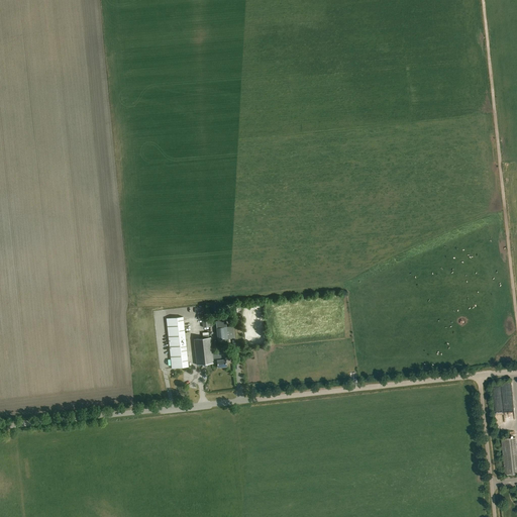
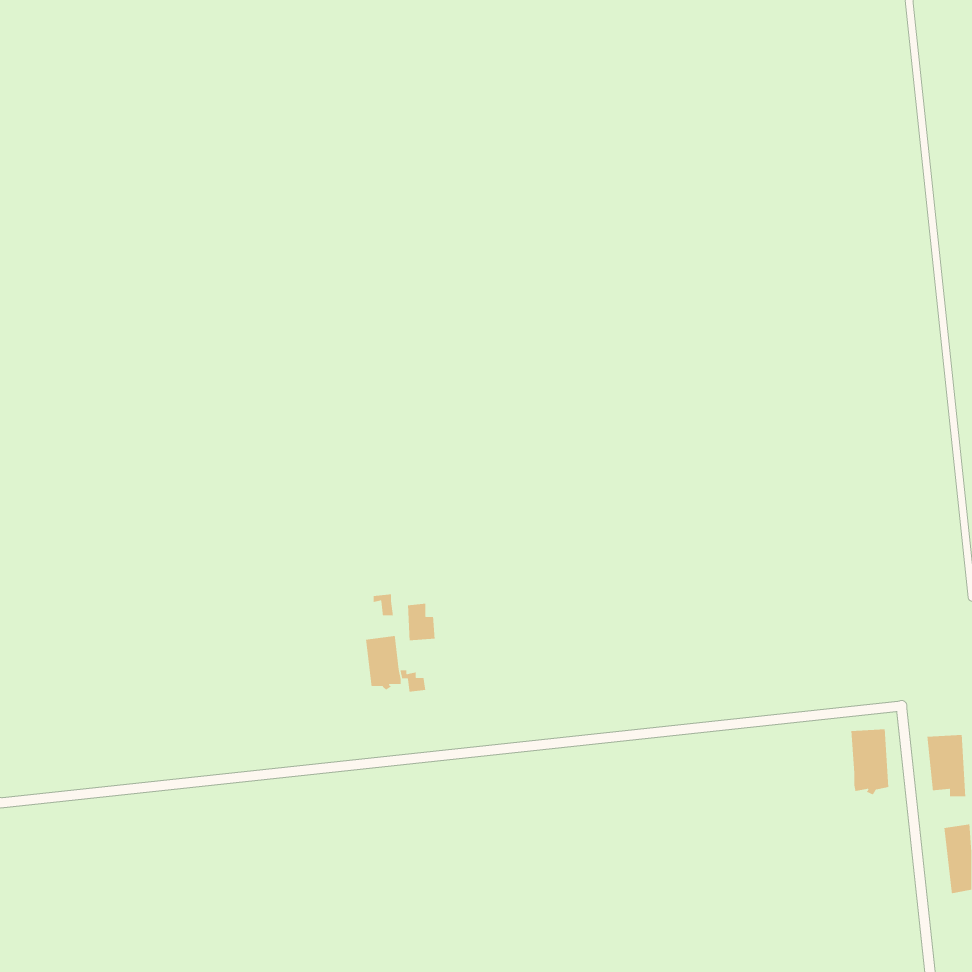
building: [167,317,188,369] -> none
building: none -> [851,728,889,796]

